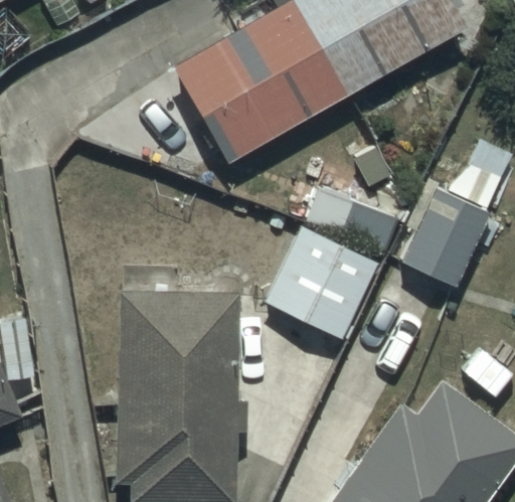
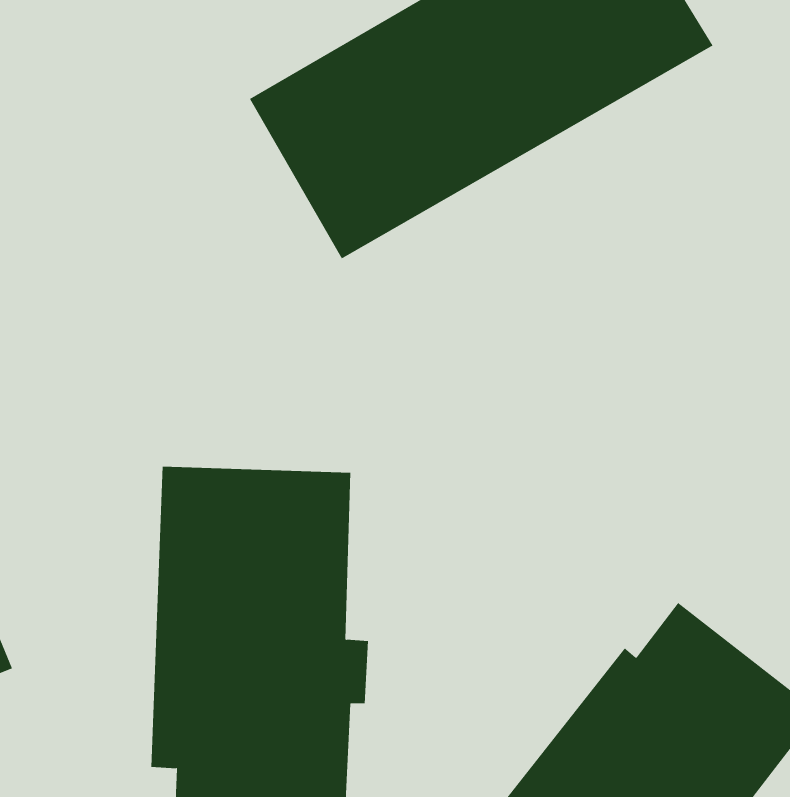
building: [402,165,504,289] -> none
building: [267,226,380,339] -> none

